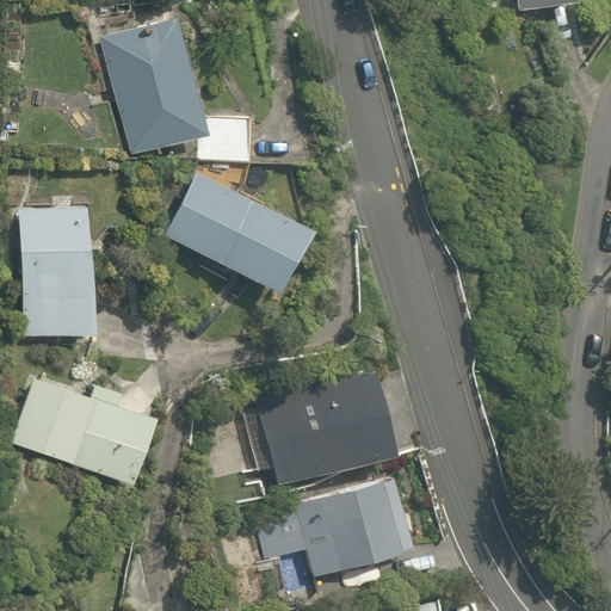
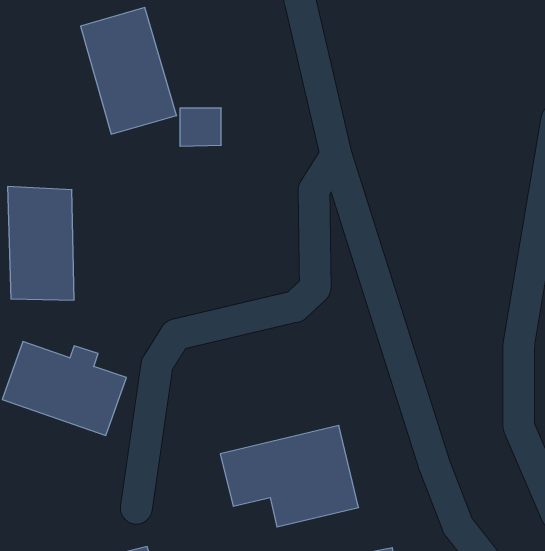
building: [166,174,304,294] -> none
building: [253,370,400,489] -> none

